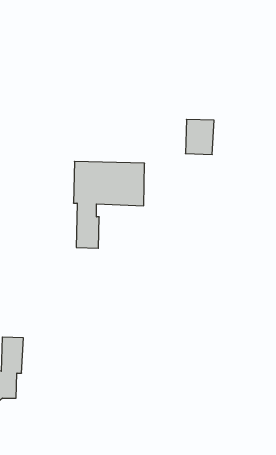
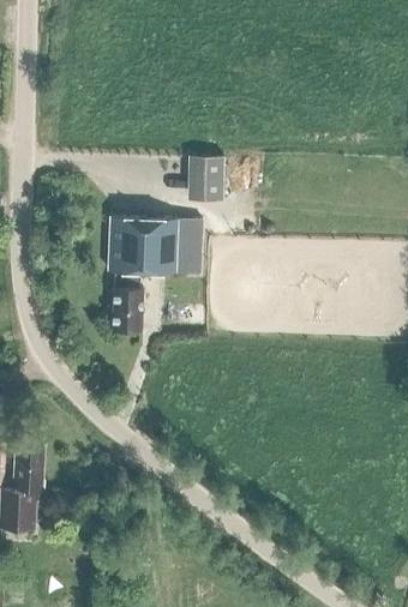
building: [185,119,214,154] -> [186,157,223,203]

